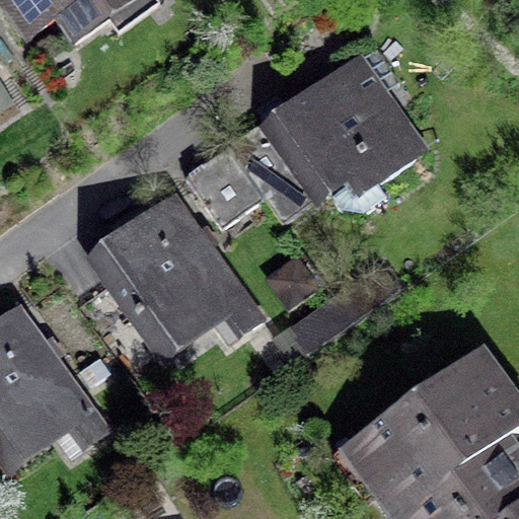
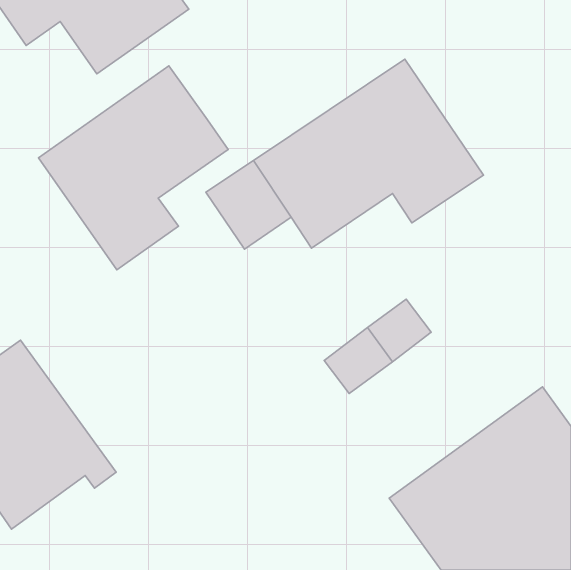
building: none -> [39,66,228,270]
building: [84,191,264,357] -> none

